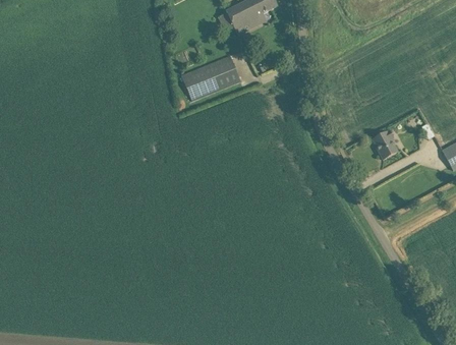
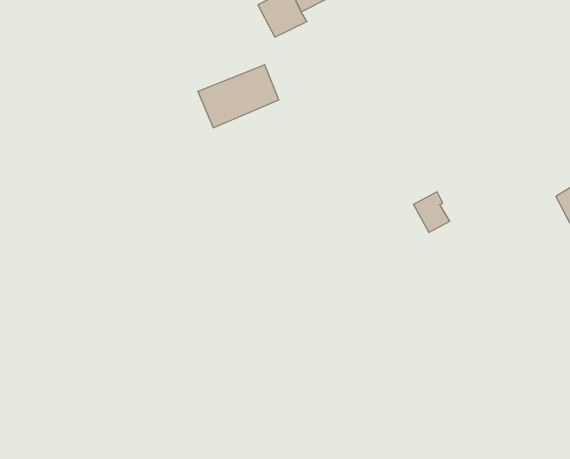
building: [372,128,398,158] -> [413,192,450,232]

